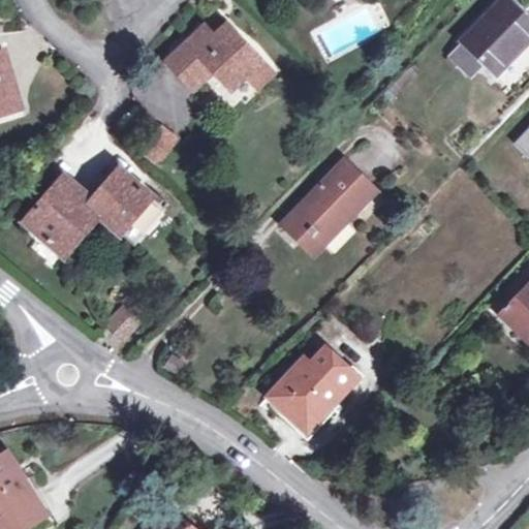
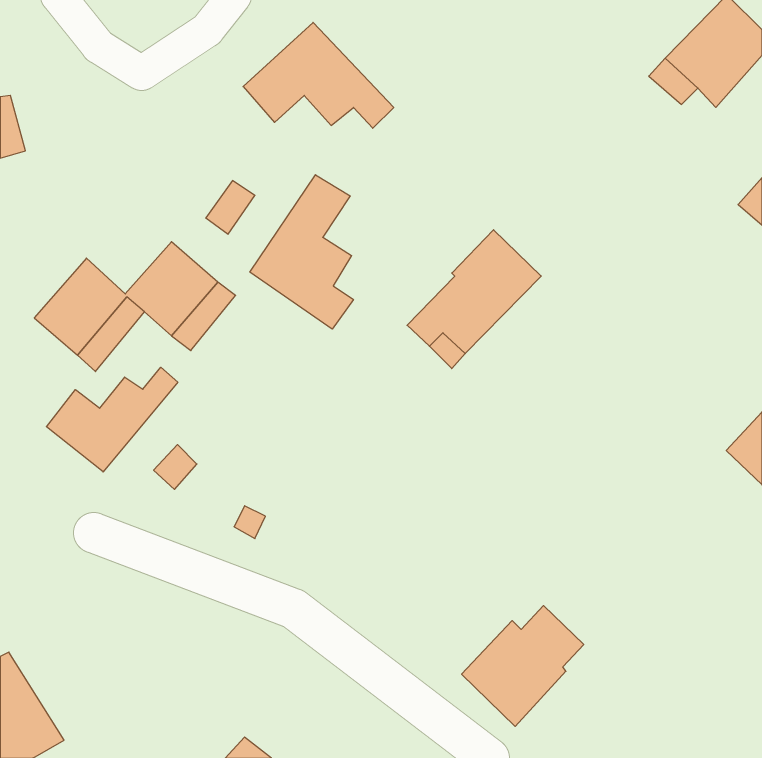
building: none -> [250,175,353,329]
building: none -> [46,367,178,472]
building: [269,347,353,431] -> [462,606,584,726]

